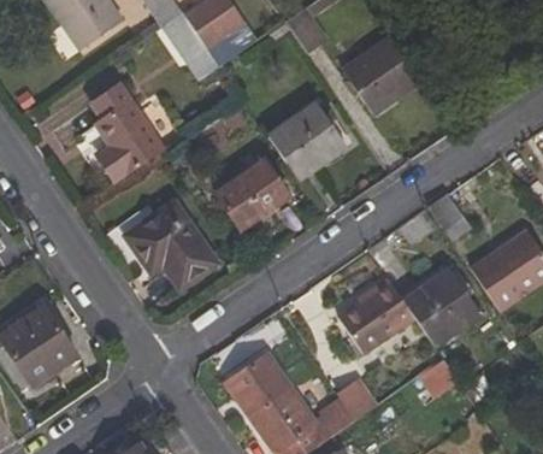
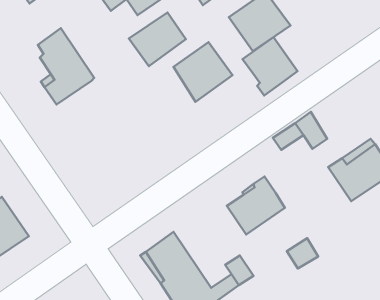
building: none -> [242,37,297,95]
building: [214,160,289,230] -> [129,13,186,66]
building: [129,200,218,290] -> none
building: [402,269,480,347] -> none

